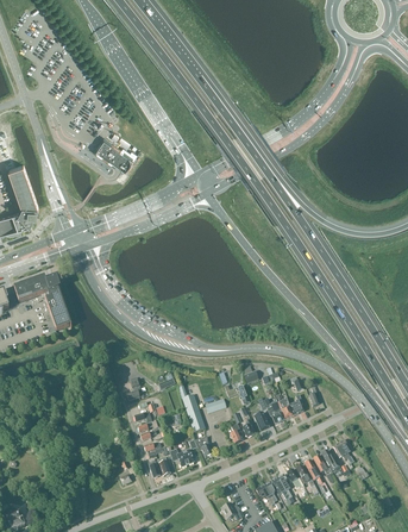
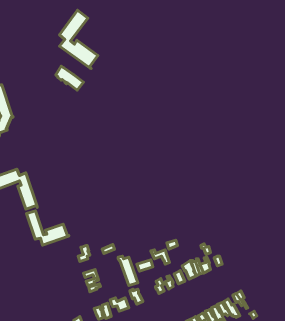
building: none -> [59,10,98,68]
building: none -> [26,211,69,245]

